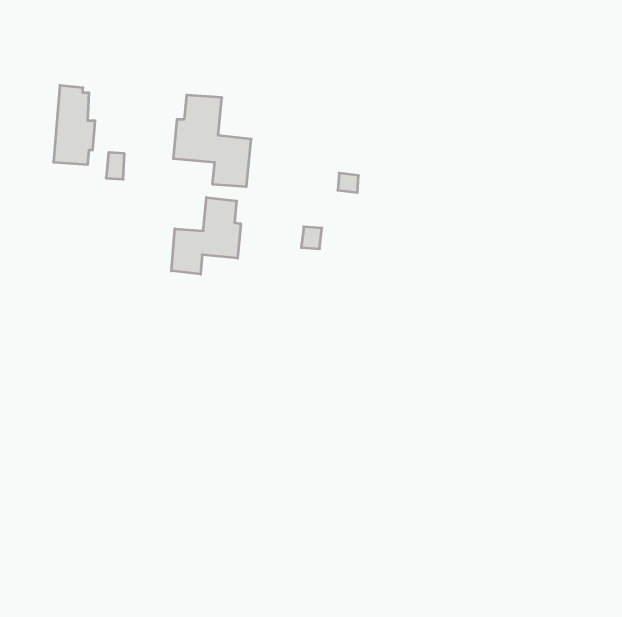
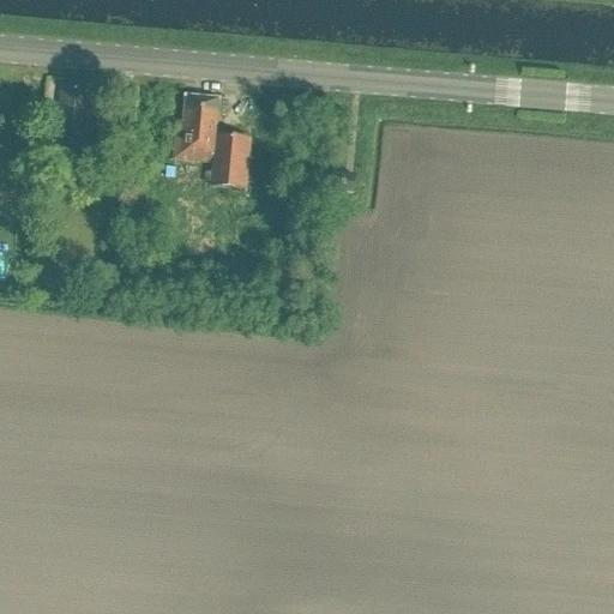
building: [171,197,241,274] -> none

